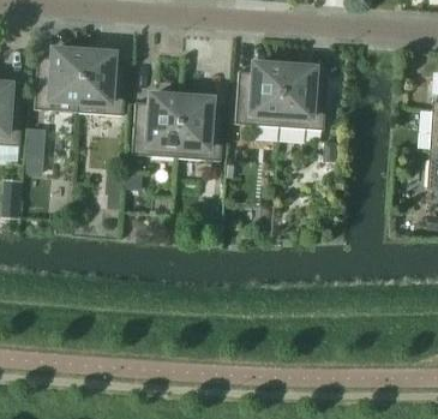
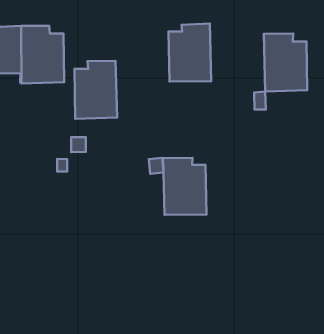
building: [278,65,326,128] -> [264,33,307,91]
building: [175,96,223,160] -> [163,158,206,215]

